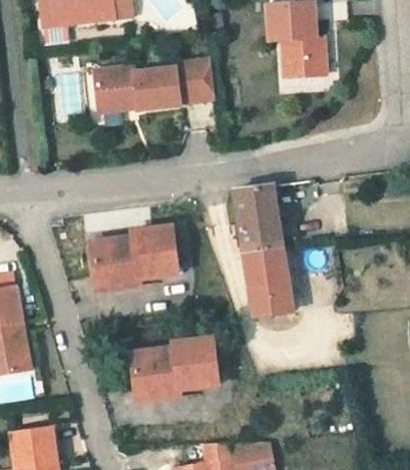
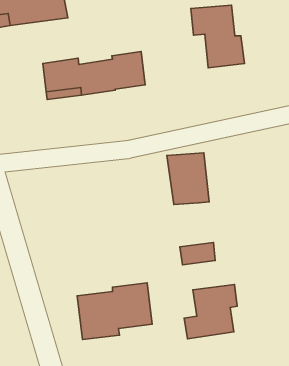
building: [88,218,176,287] -> none
building: [242,237,288,289] -> none
building: none -> [184,284,237,339]

